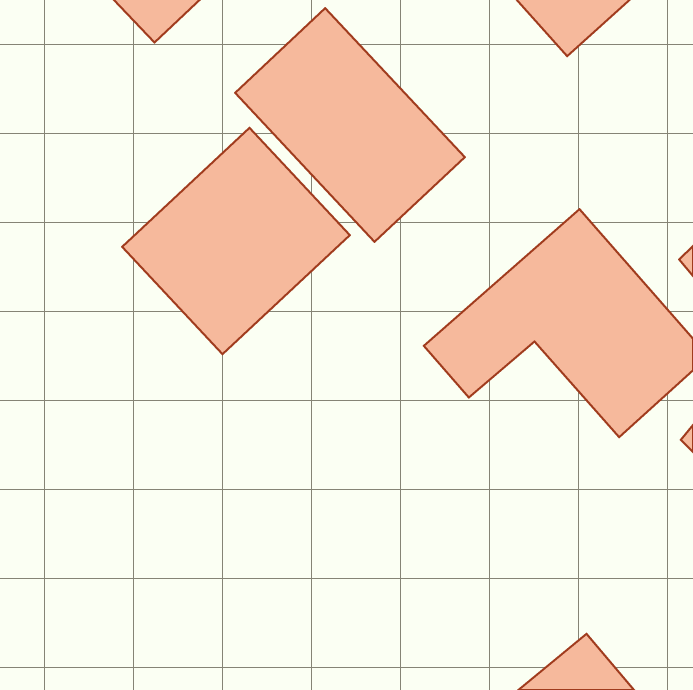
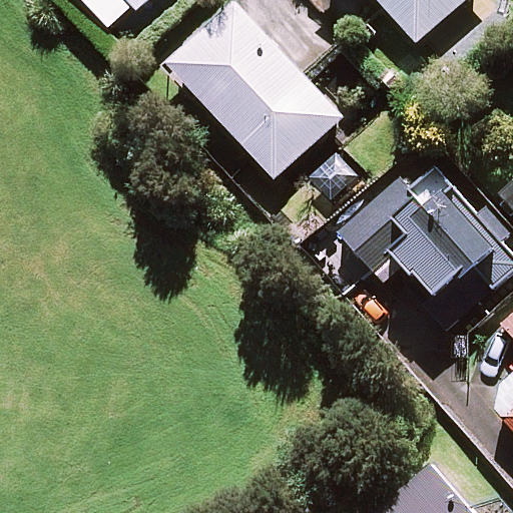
building: [122,128,350,354] -> none

